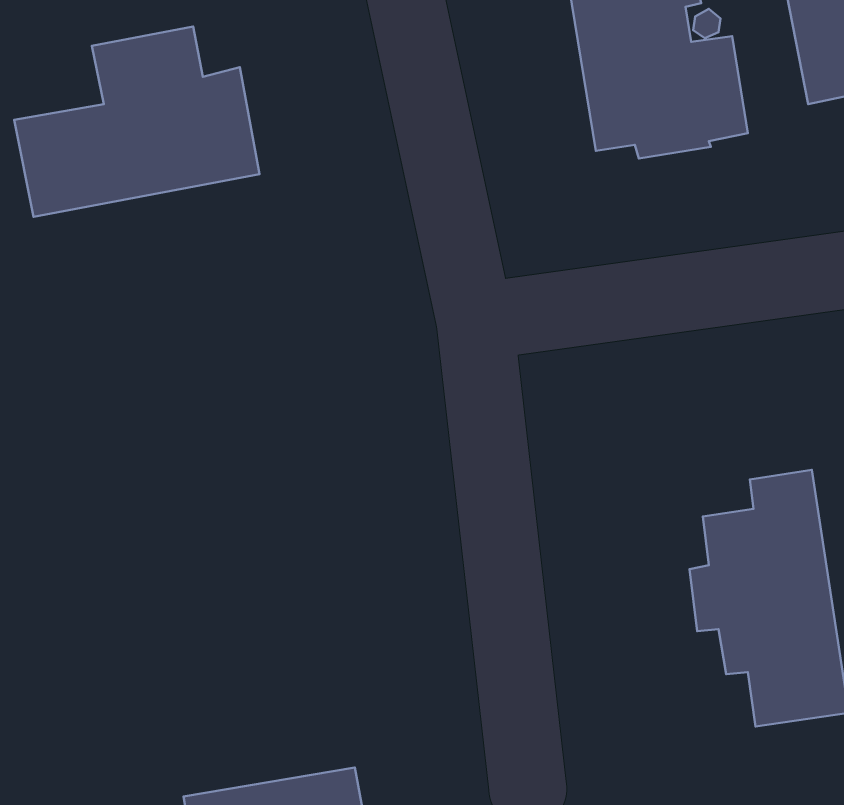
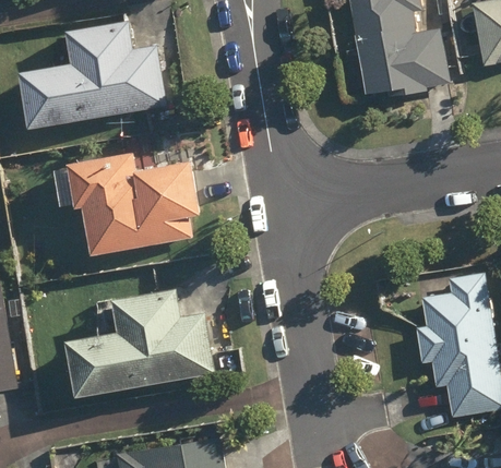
building: none -> [80,153,202,255]
building: none -> [79,289,217,397]

